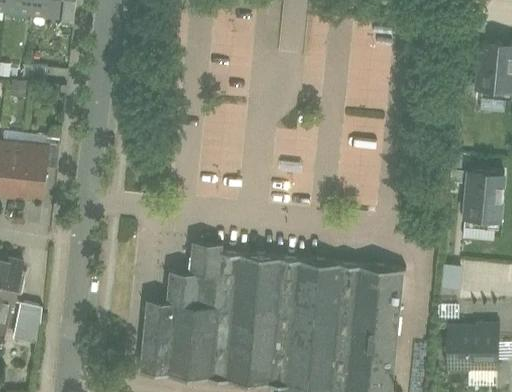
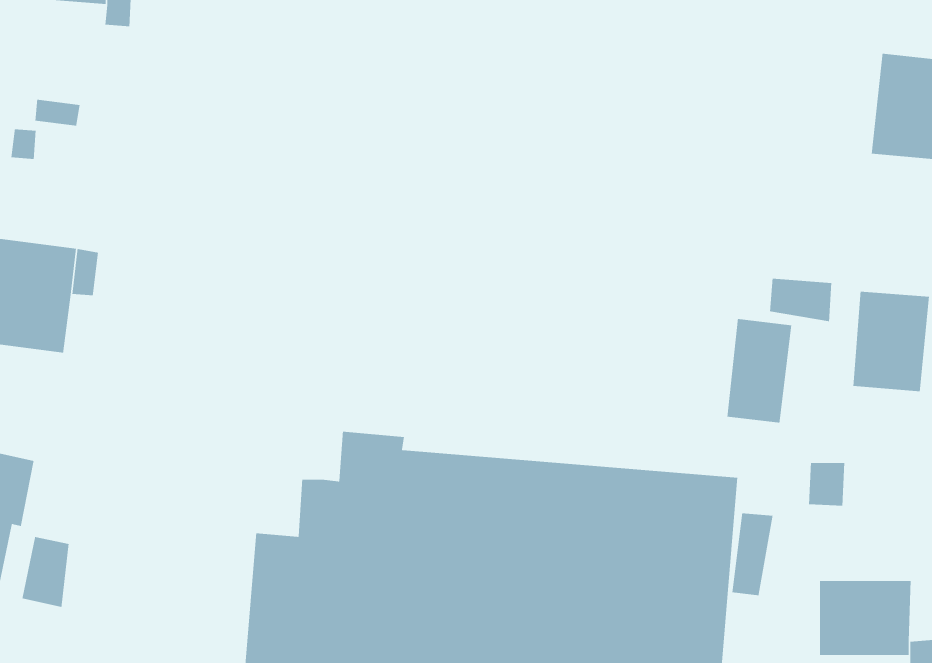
building: none -> [769,278,832,322]
building: none -> [726,318,792,424]
building: none -> [732,512,774,596]

